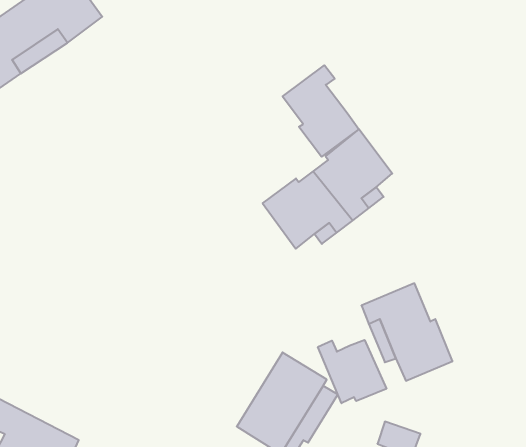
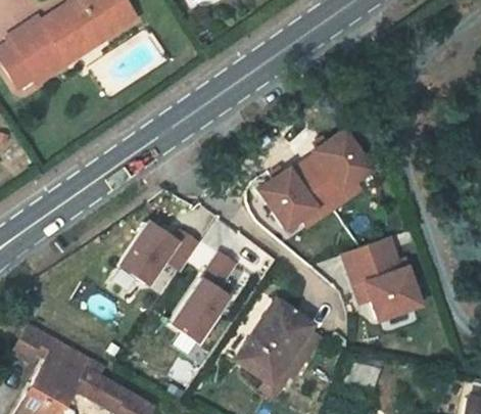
building: [283,65,359,157] -> none
building: none -> [121,212,200,273]
building: none -> [174,238,235,329]
building: [318,340,386,403] -> none

